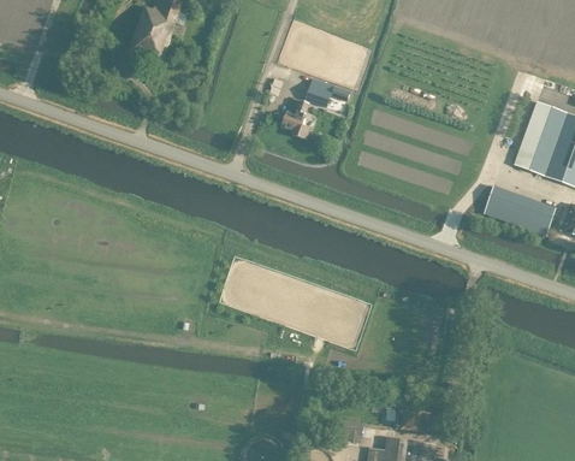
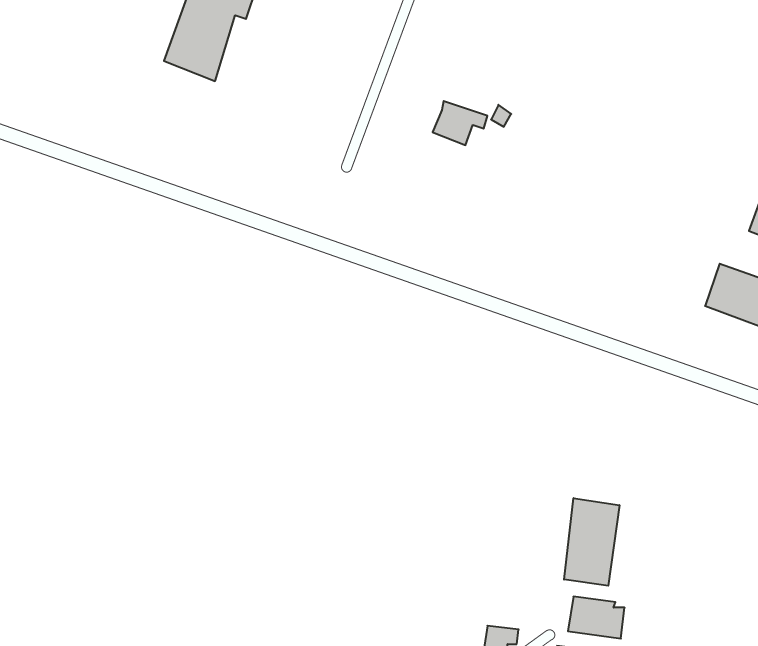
building: [281,100,308,140] -> none
building: none -> [564,498,619,586]

